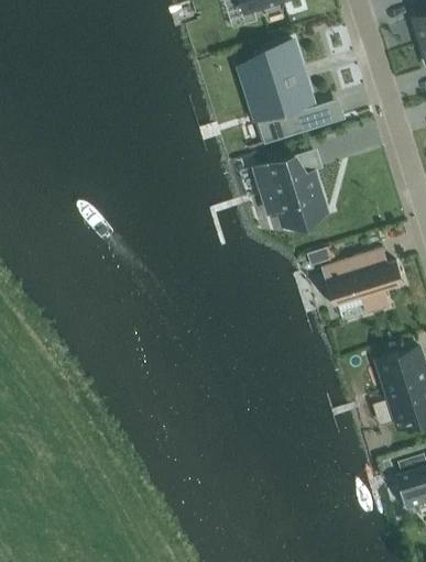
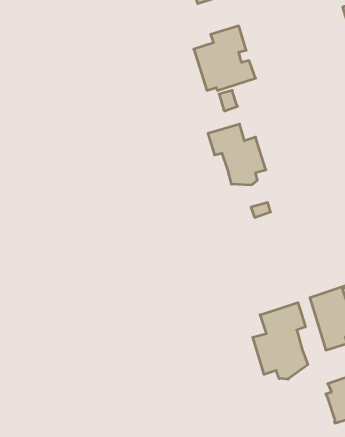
building: [321,249,404,316] -> none
building: none -> [253,303,308,379]

